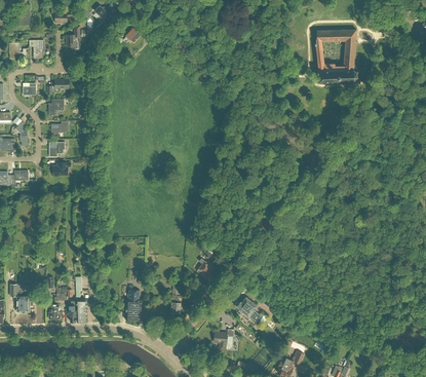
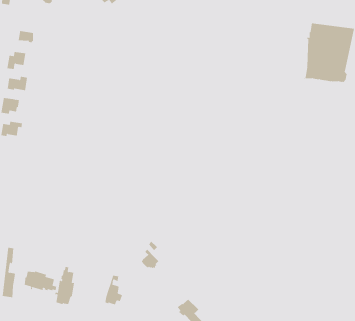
building: none -> [24,270,57,291]

